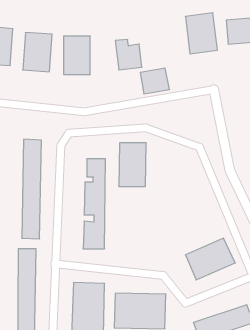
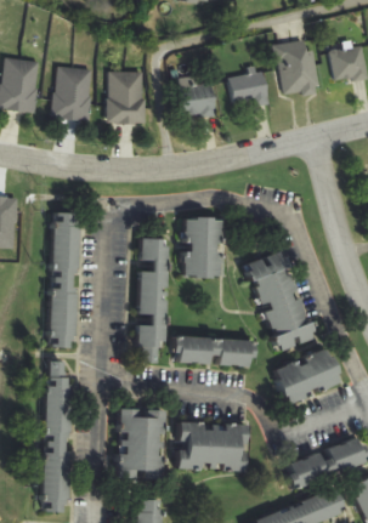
building: [140,68,170,94] -> [227,72,267,107]
building: none -> [245,250,313,351]
building: none -> [172,337,253,366]

